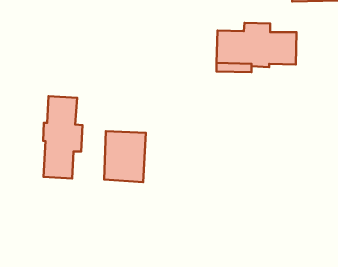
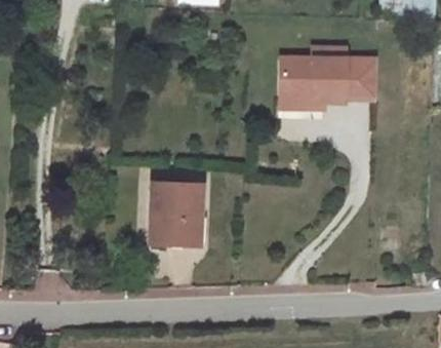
building: [43,96,83,178] -> none

